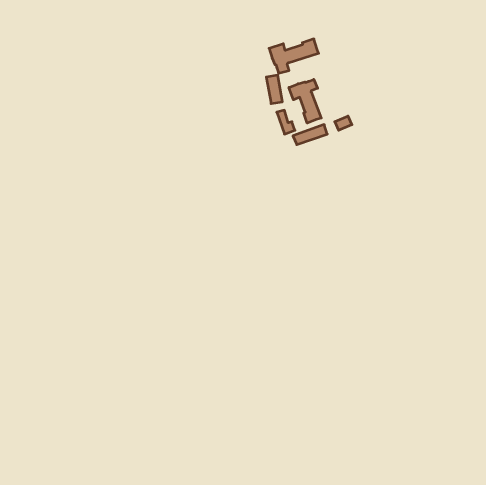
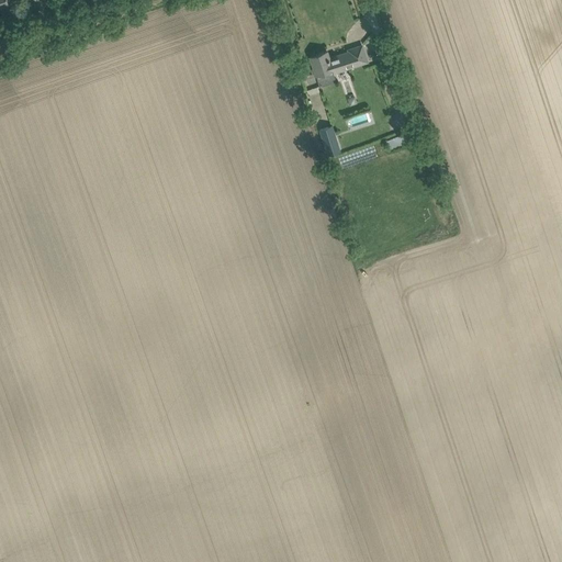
building: [289,79,321,123] -> none

